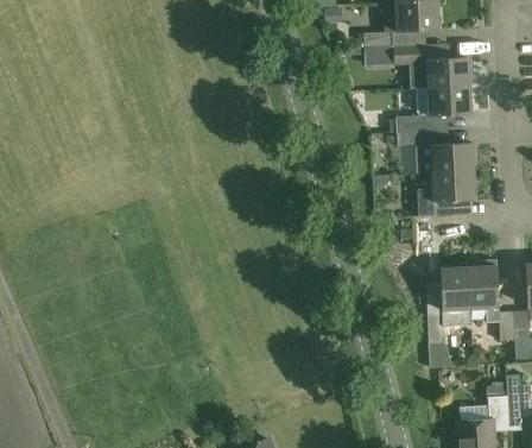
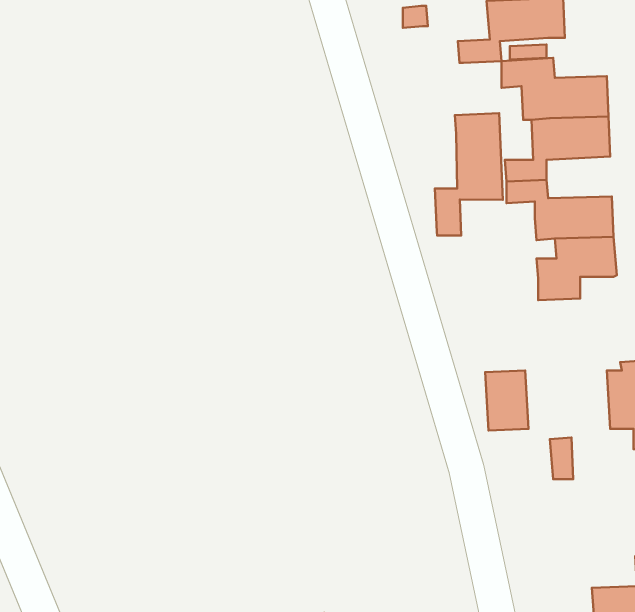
building: none -> [435,113,503,236]
building: [441,266,471,309] -> [485,370,529,431]

